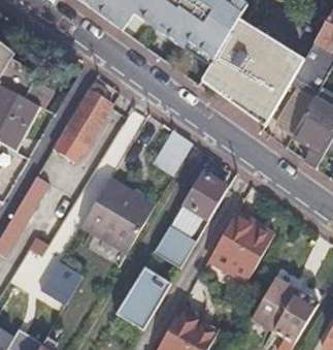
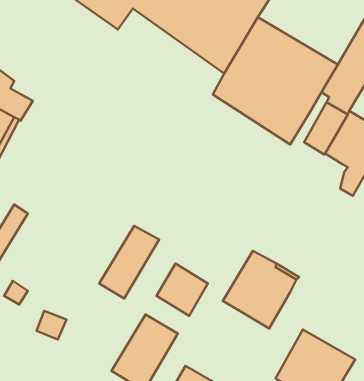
building: [53,82,109,162] -> none
building: [153,130,193,176] -> none
building: [169,171,228,237] -> none
building: [80,178,135,241] -> none

